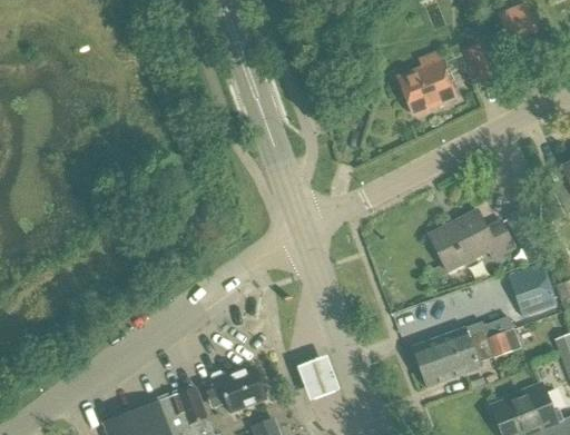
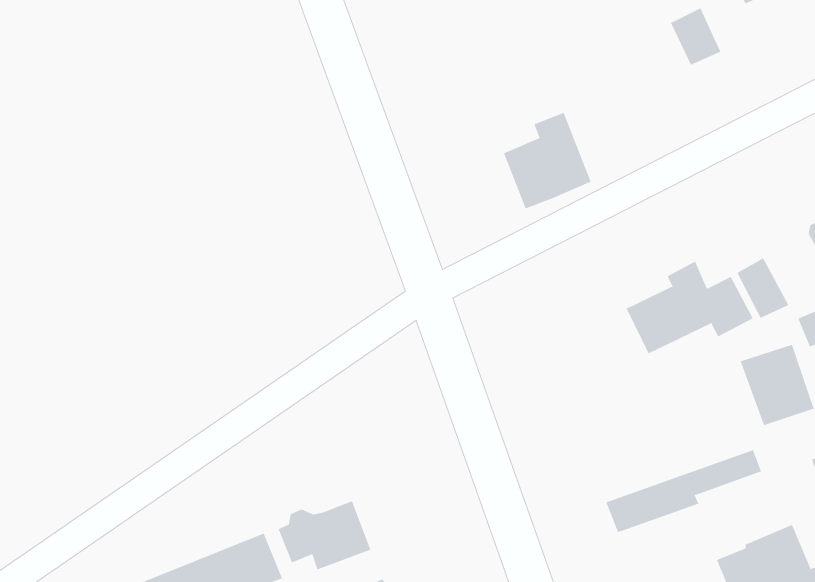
building: [399,51,456,115] -> [503,112,591,209]
building: [412,317,517,367] -> none
building: [297,362,342,406] -> none

